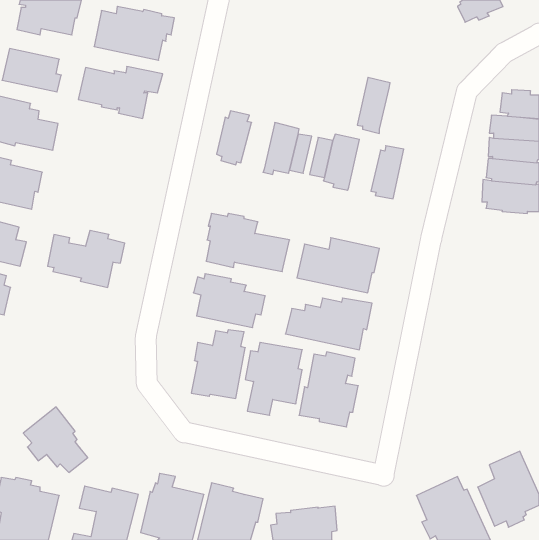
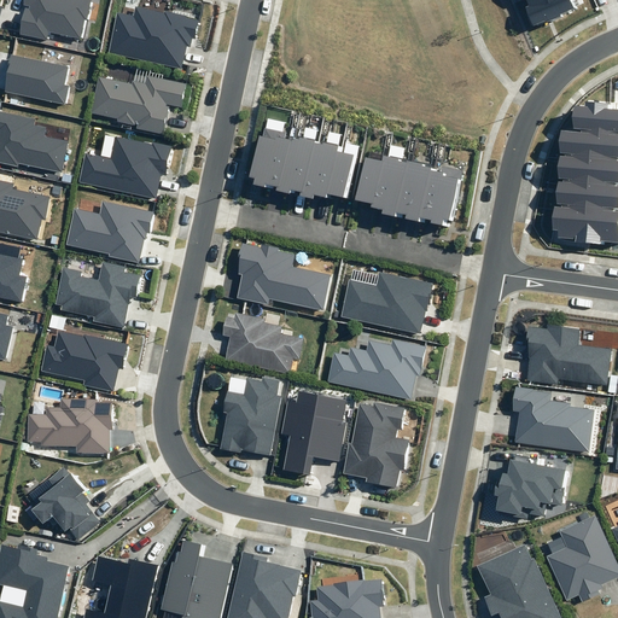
building: [357,77,390,133] -> [398,159,436,223]
building: none -> [275,136,314,194]
building: none -> [78,138,171,199]
building: none -> [65,202,154,263]
building: none -> [525,325,610,385]
building: none -> [40,331,129,391]
building: none -> [511,386,594,451]
building: none -> [28,398,111,453]
building: none -> [494,459,566,519]

